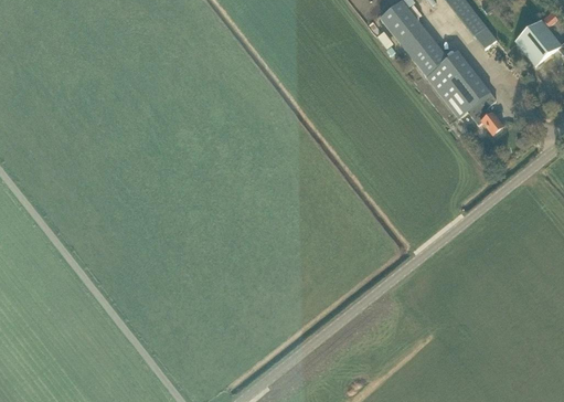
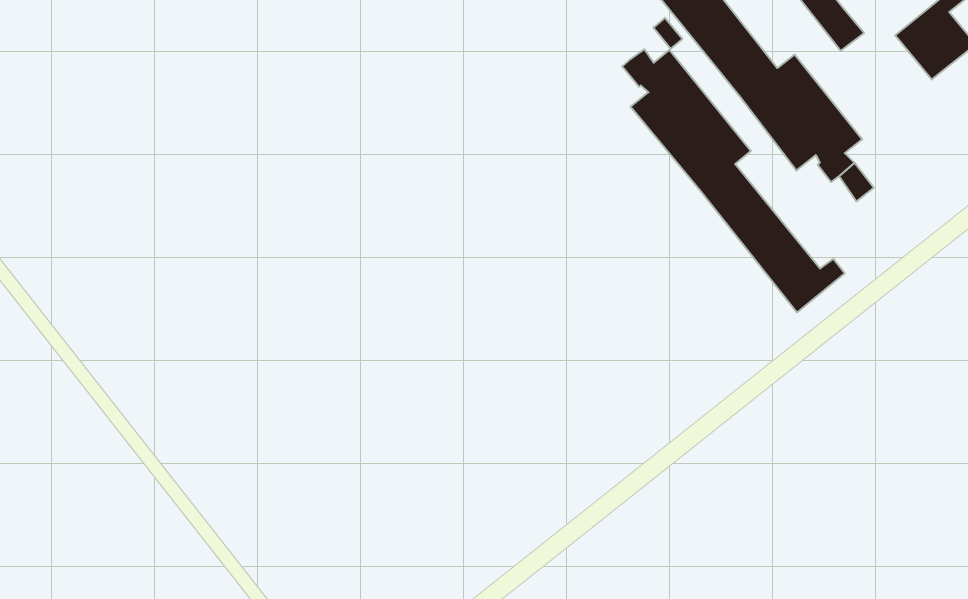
building: none -> [622,49,845,312]

